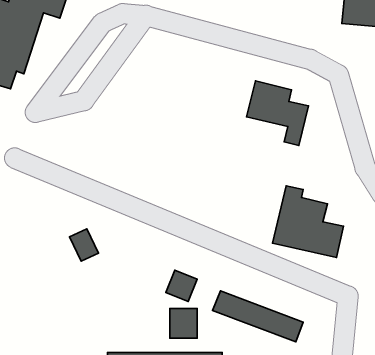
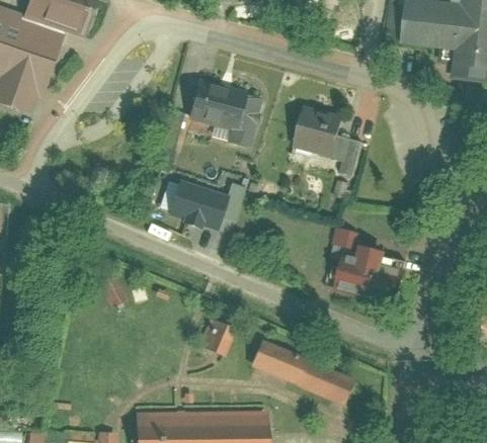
building: none -> [187,77,264,152]
building: none -> [162,180,243,235]
building: [170,309,197,338] -> none

